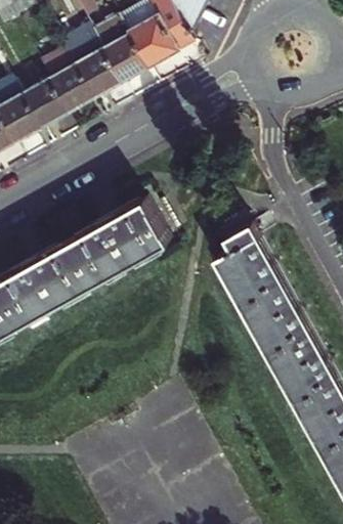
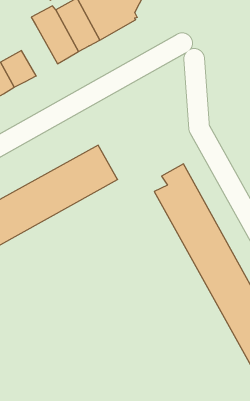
building: [36,50,90,115] -> none

